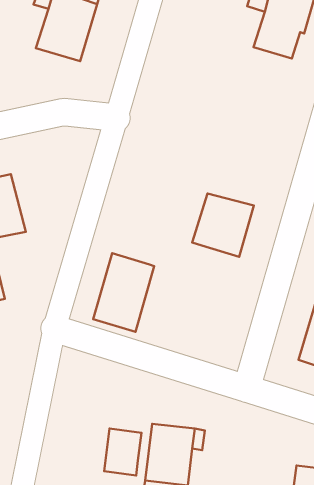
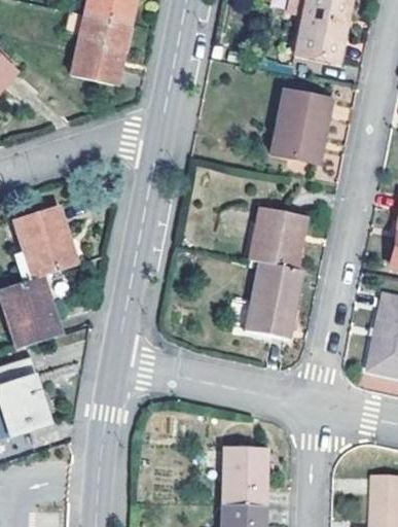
building: none -> [270,89,331,163]
building: [93,253,154,332] -> [246,260,303,339]
building: [104,428,142,476] -> none

